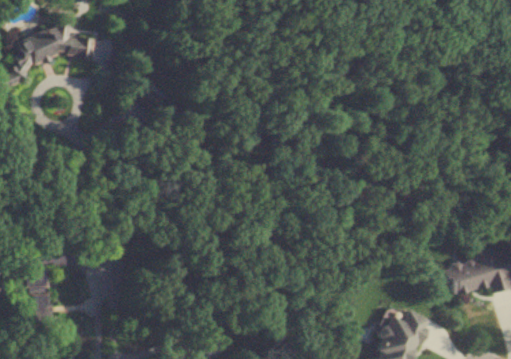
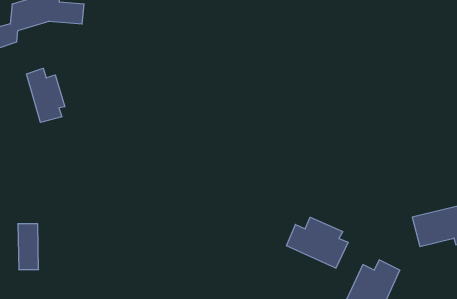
building: none -> [27,68,65,122]
building: none -> [287,217,348,268]

